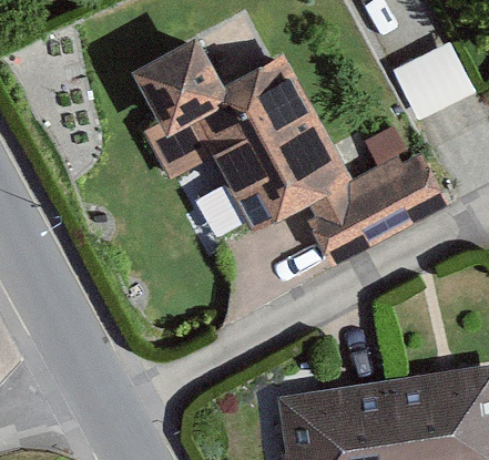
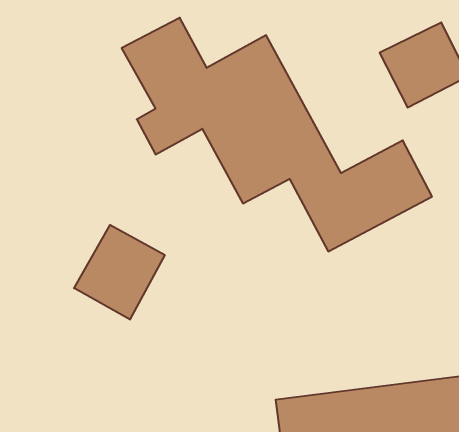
building: none -> [74,225,165,320]

